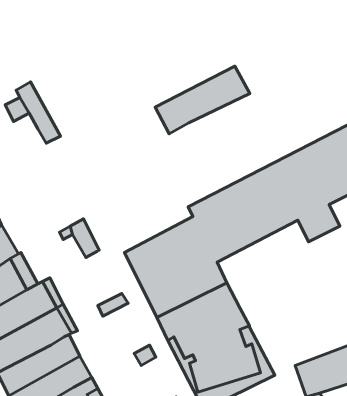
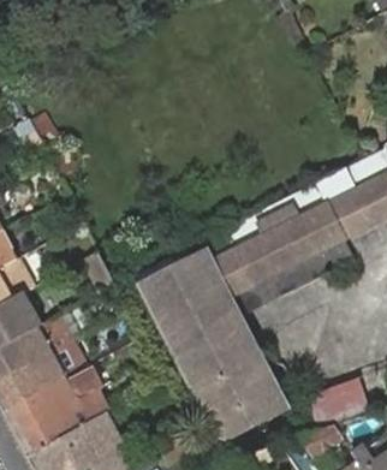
building: [155,66,250,134] -> none
building: none -> [231,254,322,316]

